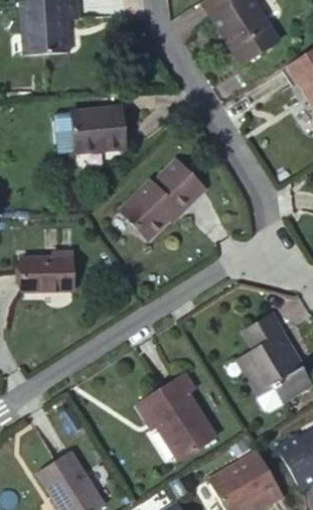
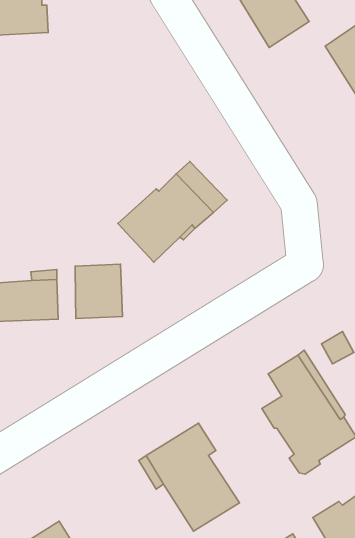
building: [70,108,126,152] -> none
building: none -> [75,264,123,318]

